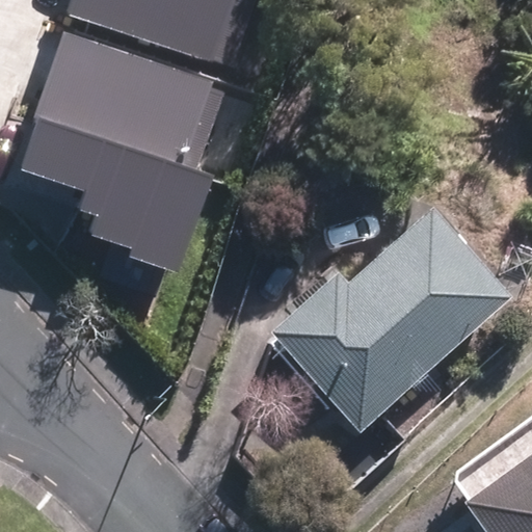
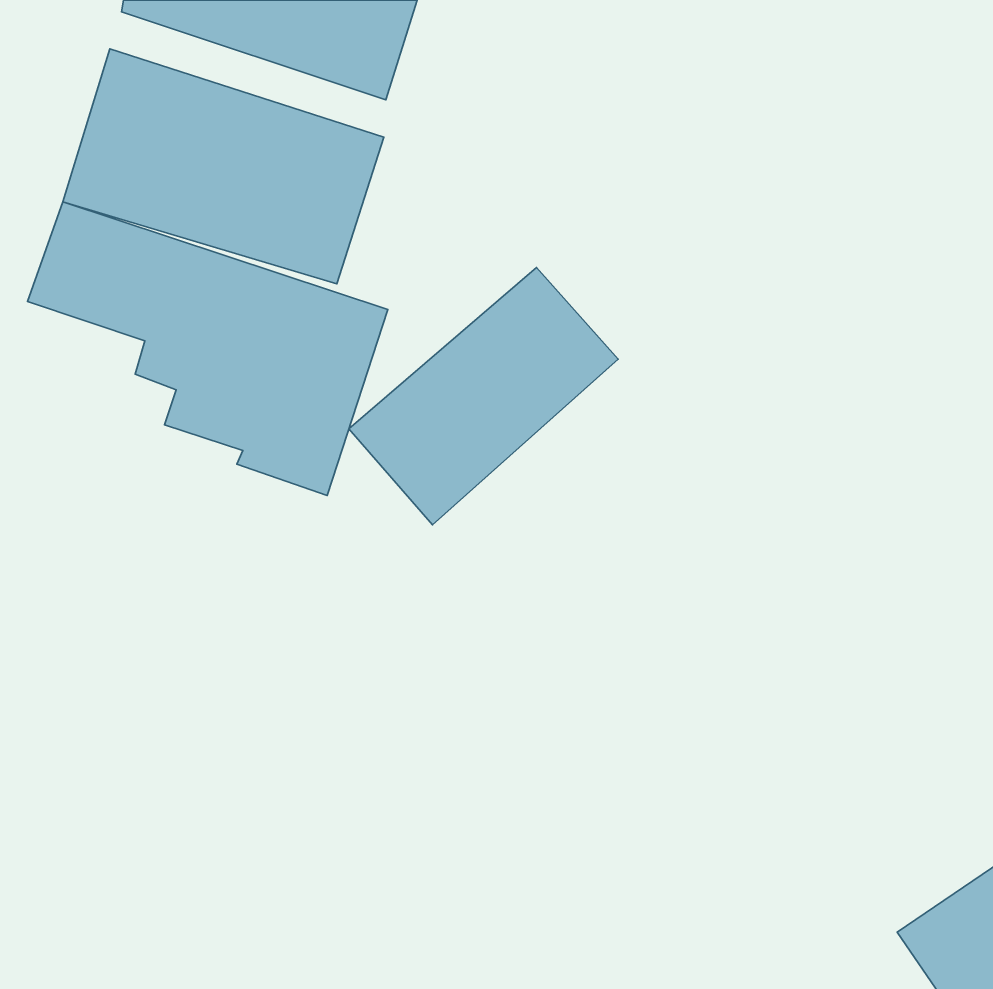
building: none -> [349,268,618,525]
building: [300,221,504,416] -> none

